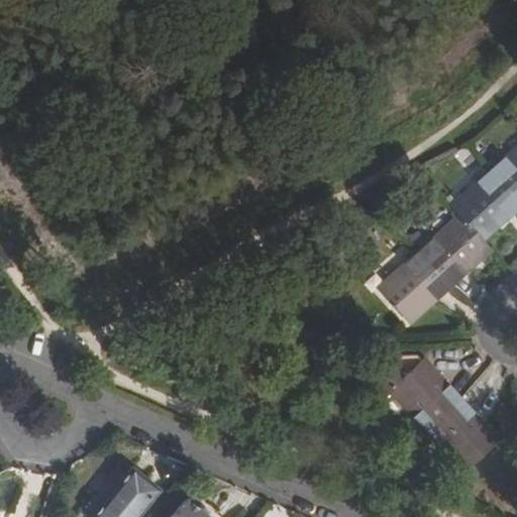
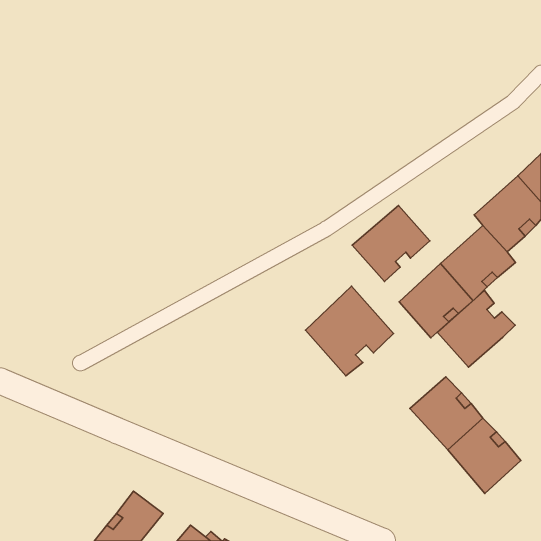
building: none -> [352,206,430,282]
building: none -> [305,286,393,376]
building: none -> [438,291,515,367]

